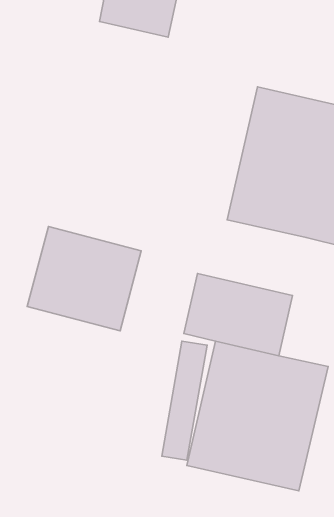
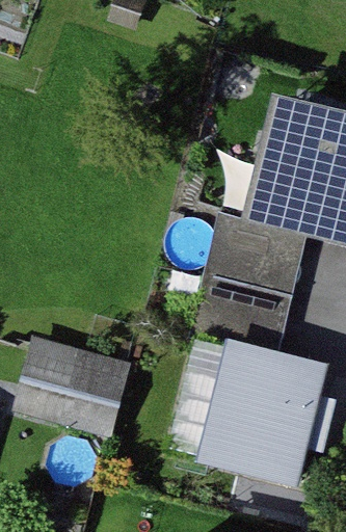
building: none -> [207,217,314,295]
building: [27,226,141,331] -> [19,336,131,438]

